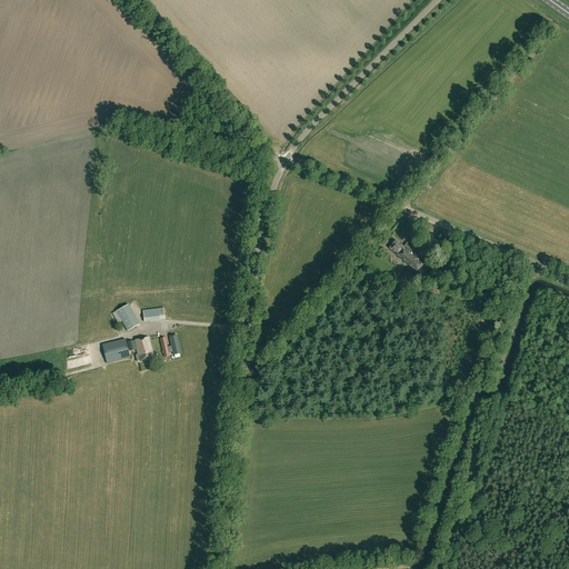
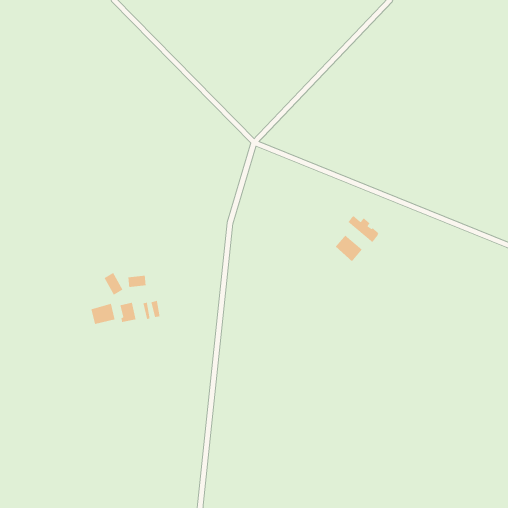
building: none -> [335,235,363,262]

